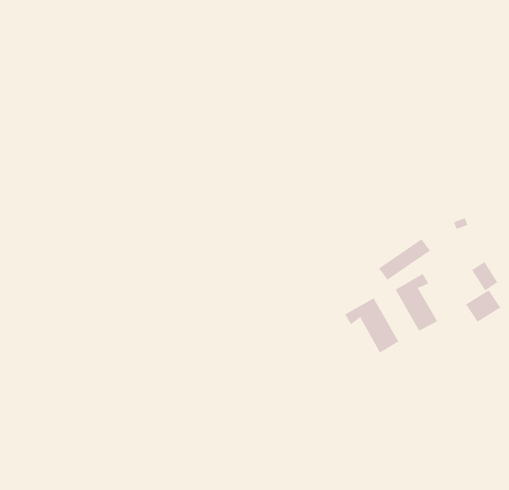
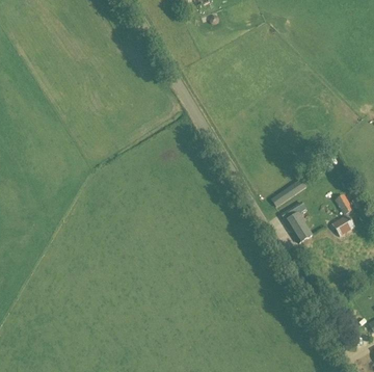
building: [345,297,399,353] -> none

